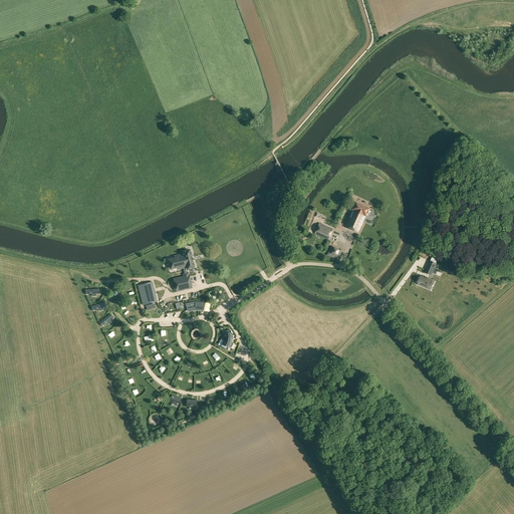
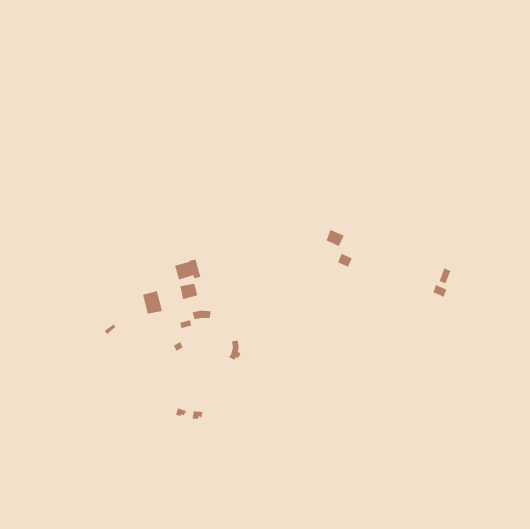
building: [345,201,369,231] -> none

